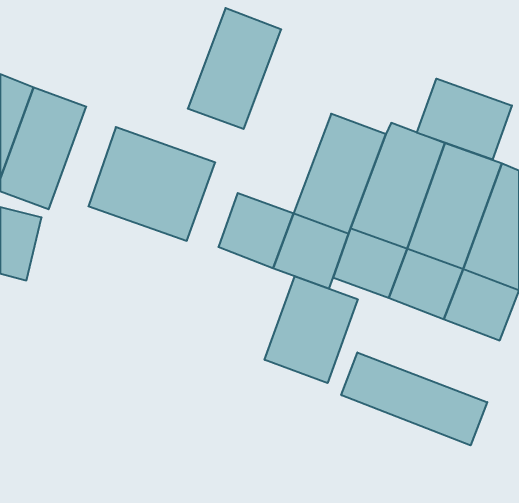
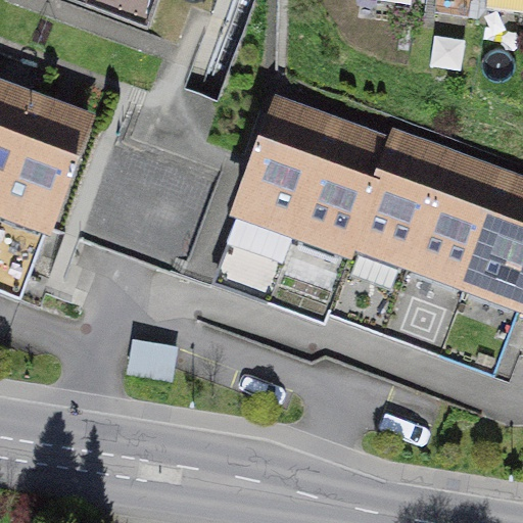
building: [188,8,281,129] -> [239,93,333,215]
building: [417,79,512,160] -> none
building: [265,276,358,383] -> none
building: [341,352,487,445] -> none

